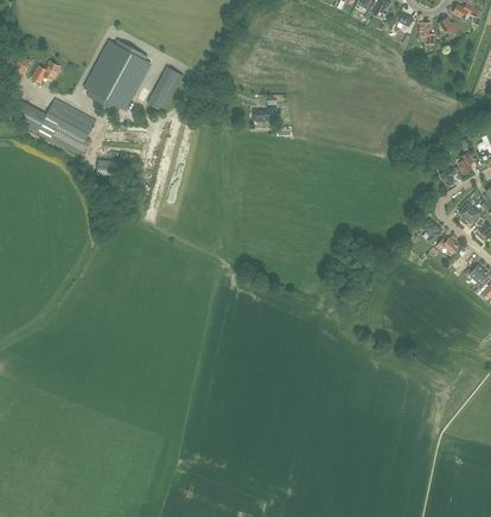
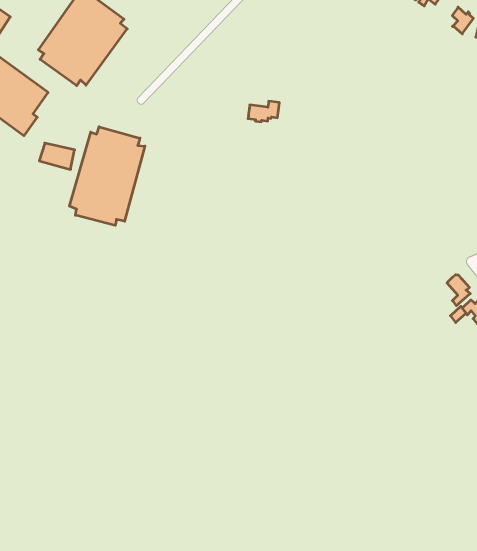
building: [147,66,184,111] -> none
building: none -> [69,127,145,225]

